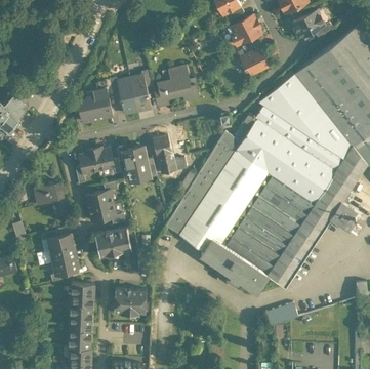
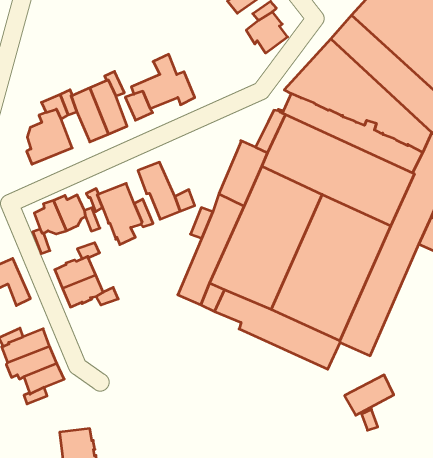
building: [93,228,131,257] -> none
building: [70,284,93,306] -> none
building: [114,289,146,313] -> none

